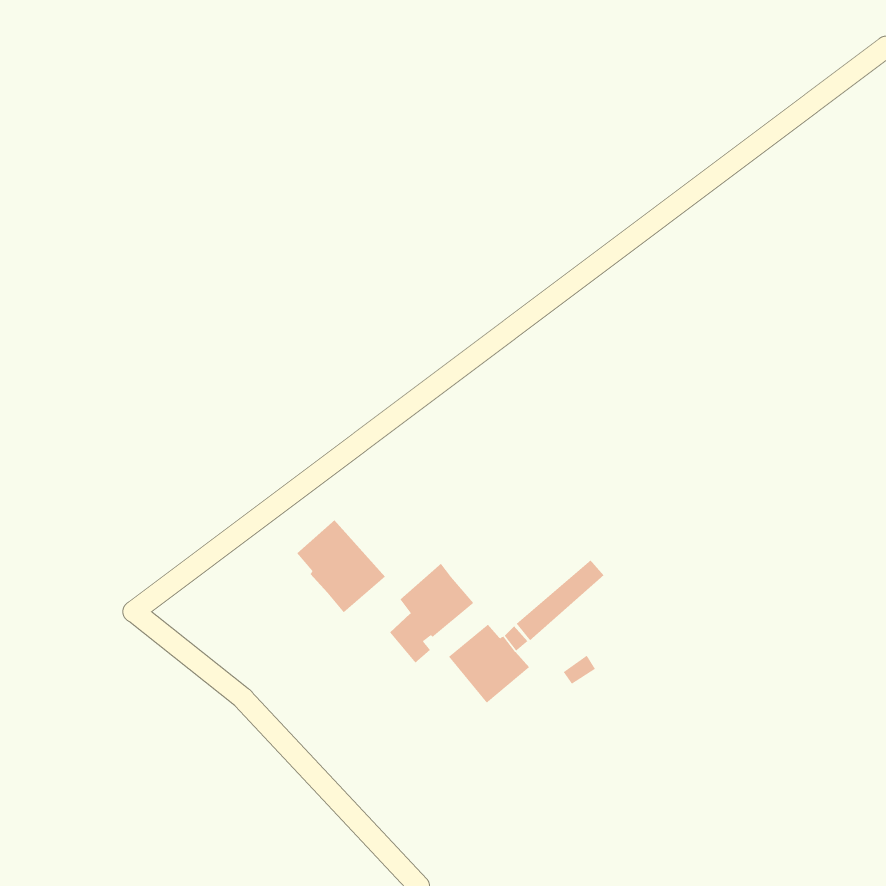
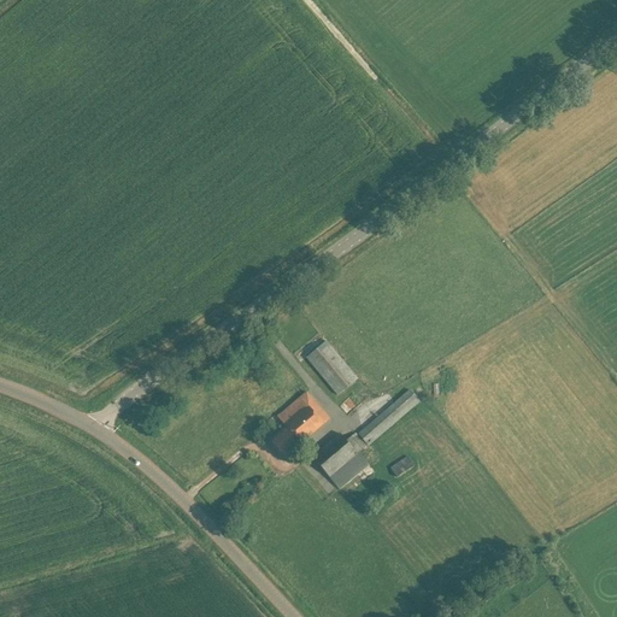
building: none -> [313,349,357,394]
building: [297,519,386,613] -> none

